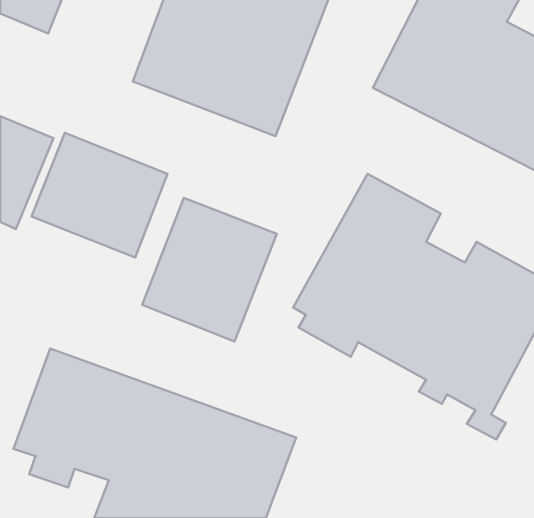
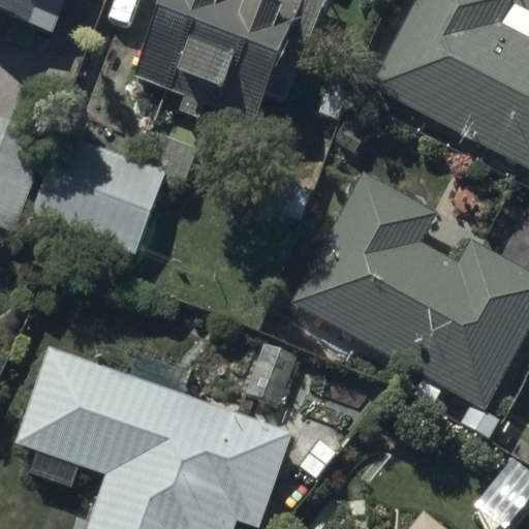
building: [142,198,277,342] -> none

